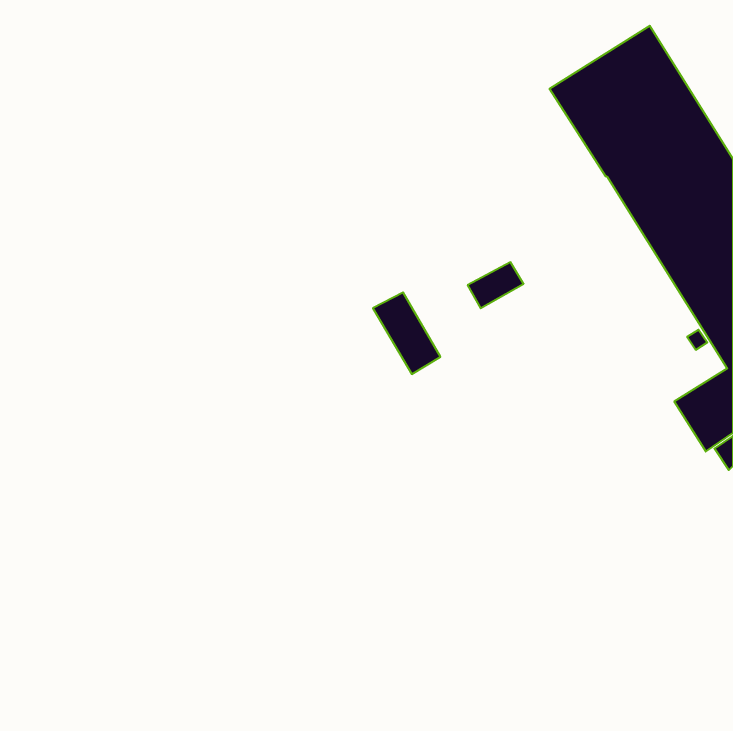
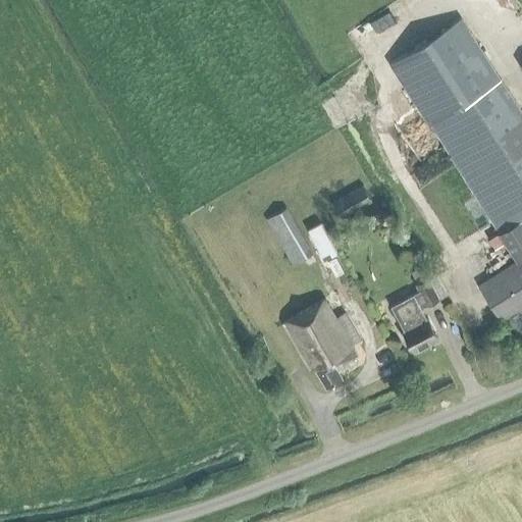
building: none -> [392,279,439,354]
building: none -> [284,302,359,388]

